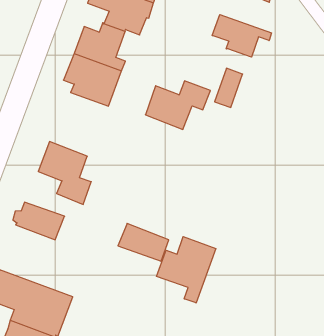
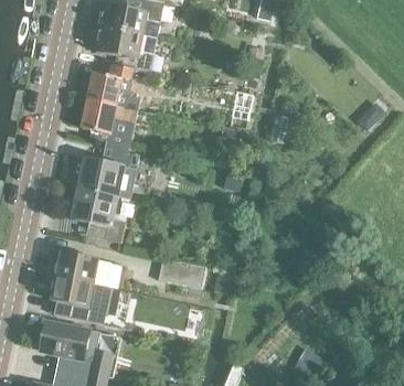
building: [212,15,272,57] -> none
building: [145,81,210,129] -> [76,148,136,195]
building: none -> [49,272,129,325]
building: [157,237,216,303] -> none

